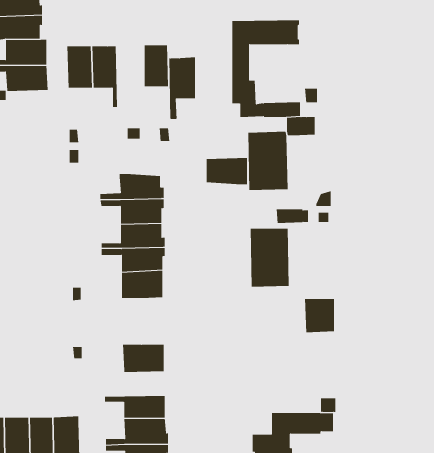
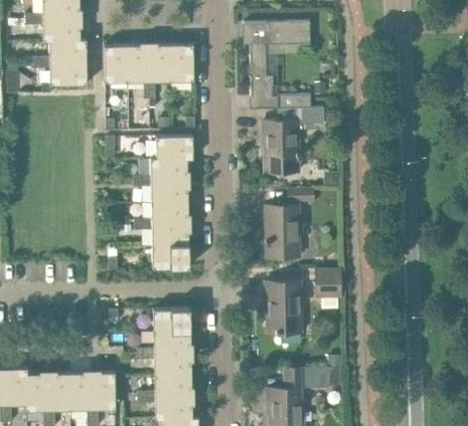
building: [168,57,196,119] -> [147,44,171,99]
building: [206,158,248,185] -> [155,136,192,160]
building: none -> [266,280,301,334]
building: none -> [136,333,190,355]

